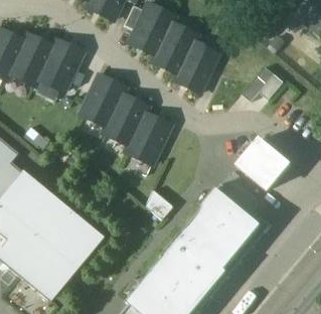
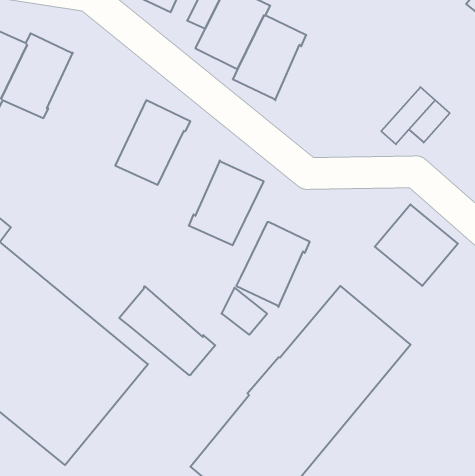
building: [36,38,82,91] -> none
building: [173,39,218,92] -> none
building: [102,93,147,145] -> [236,222,310,307]
building: none -> [119,286,215,375]

